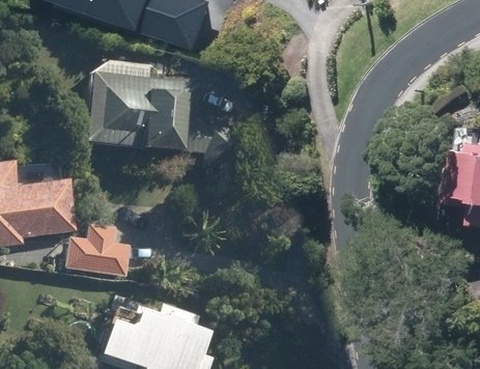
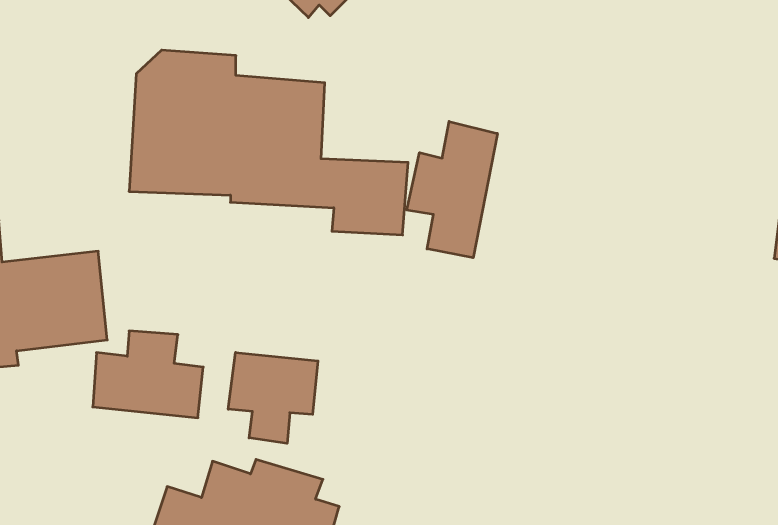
building: none -> [407,121,497,258]
building: none -> [228,352,318,443]

